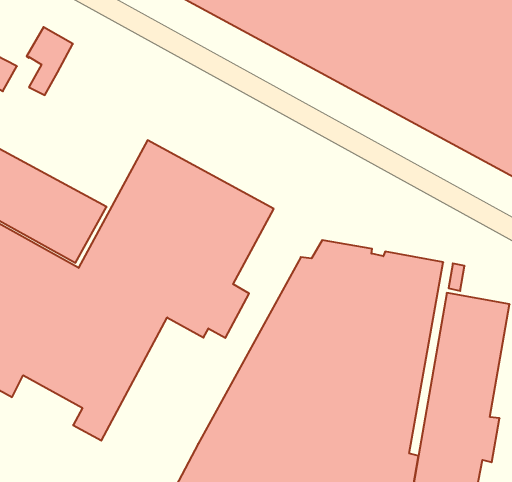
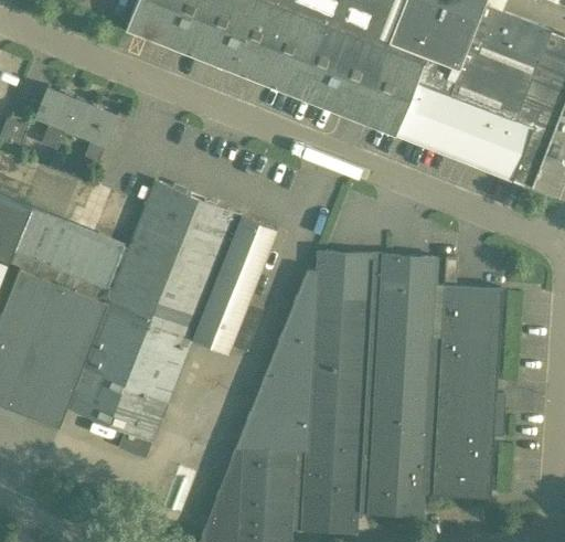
building: none -> [64,100,117,162]

